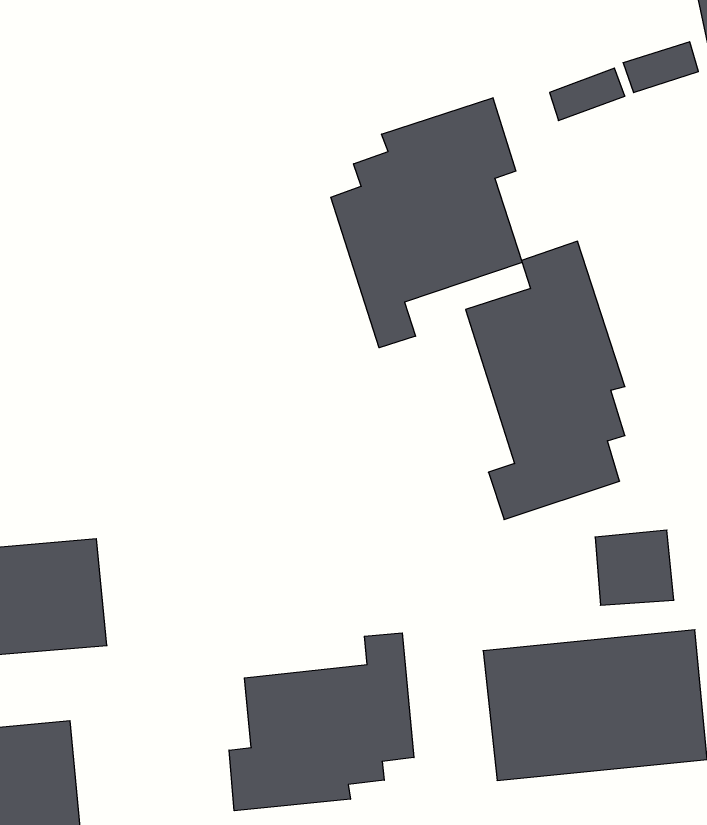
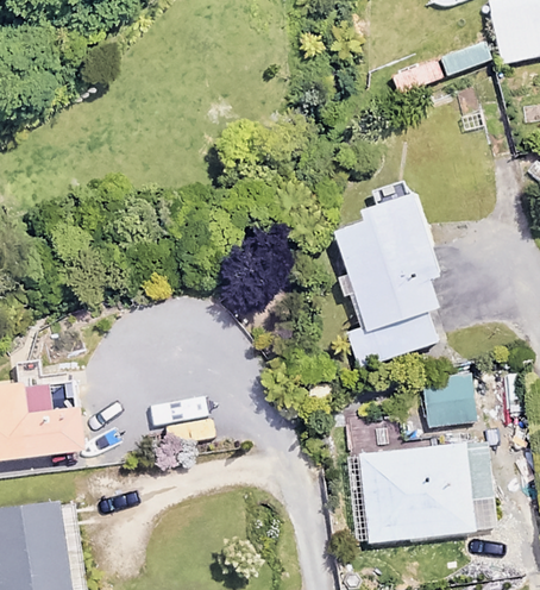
building: [331,98,522,348] -> none
building: [229,633,414,811] -> none

